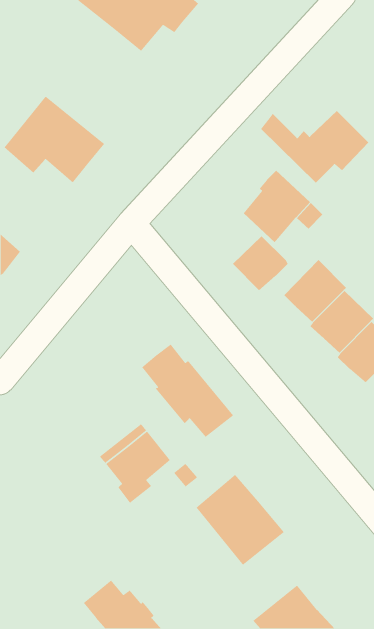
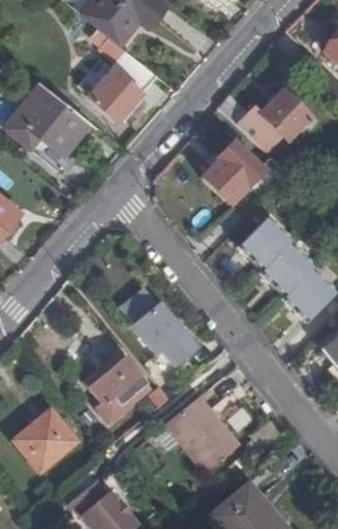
building: none -> [88,26,156,118]
building: [232,235,289,291] -> none
building: none -> [14,410,76,470]

